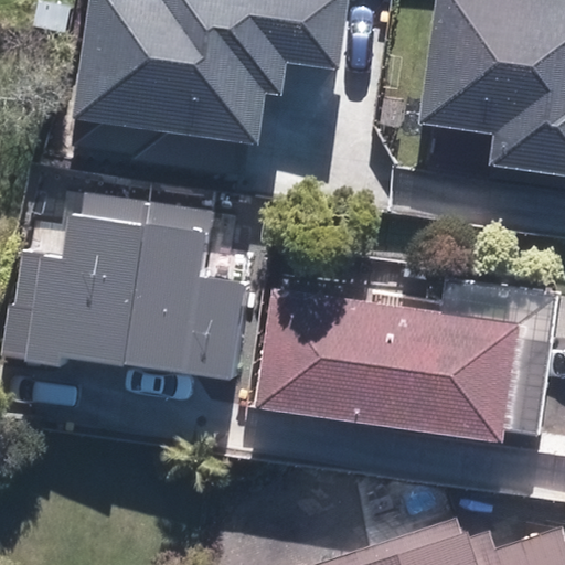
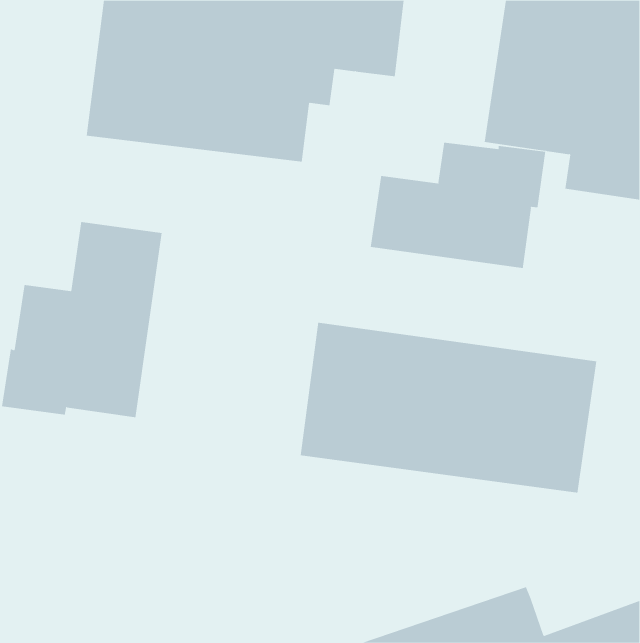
building: none -> [370,142,546,269]
building: [119,204,243,382] -> none

